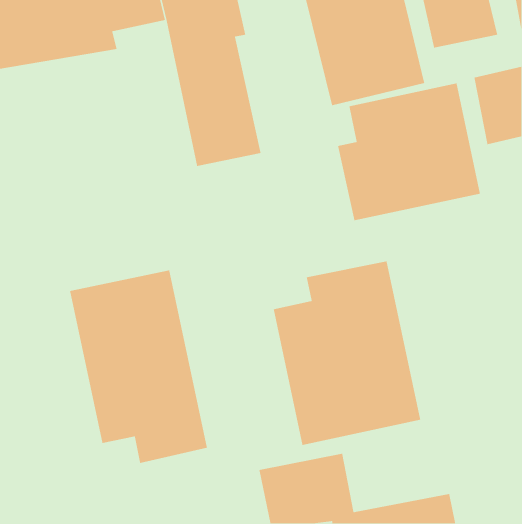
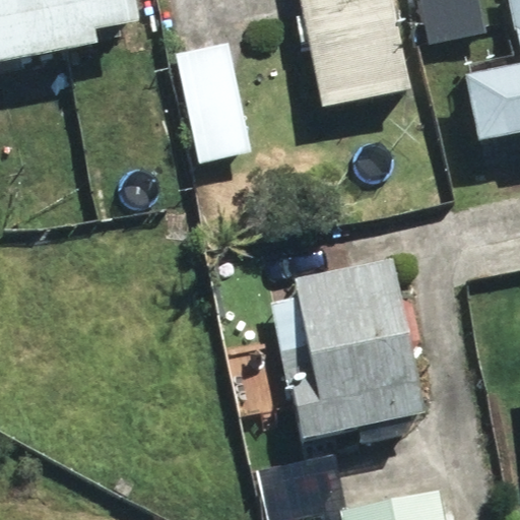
building: [337,82,481,221] -> none
building: [69,270,208,464] -> none

